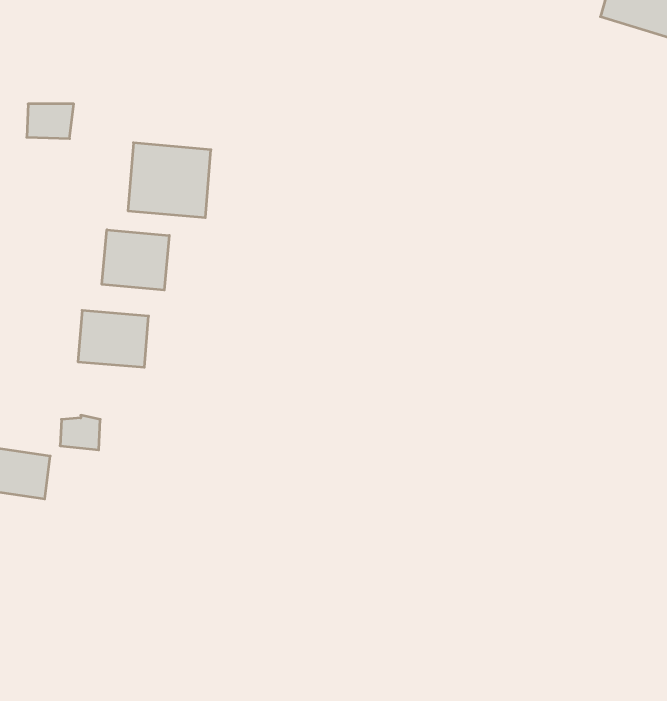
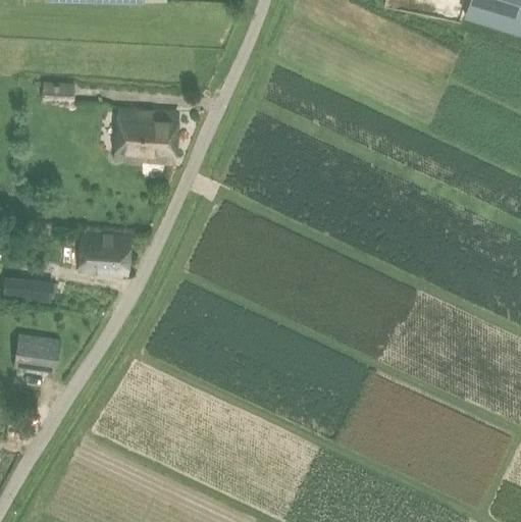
building: [102,230,169,290] -> none
building: [60,415,100,450] -> [25,279,55,305]

